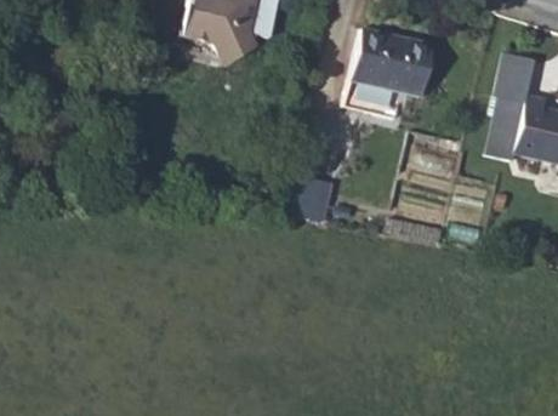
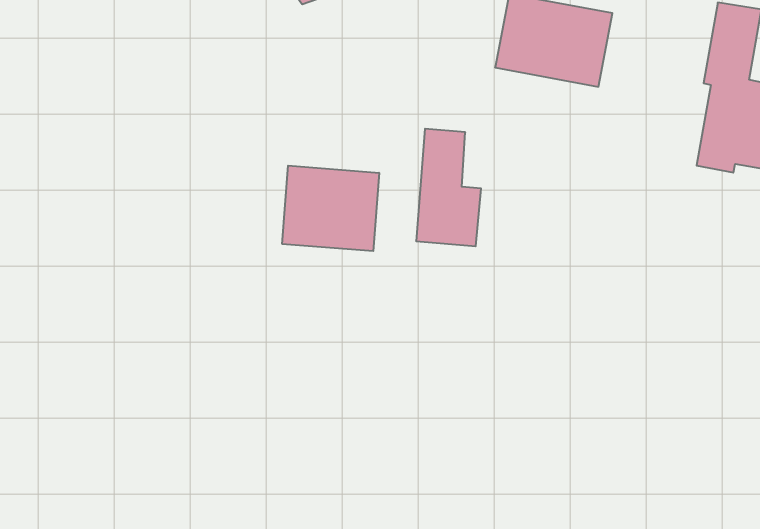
building: none -> [282,166,379,251]

